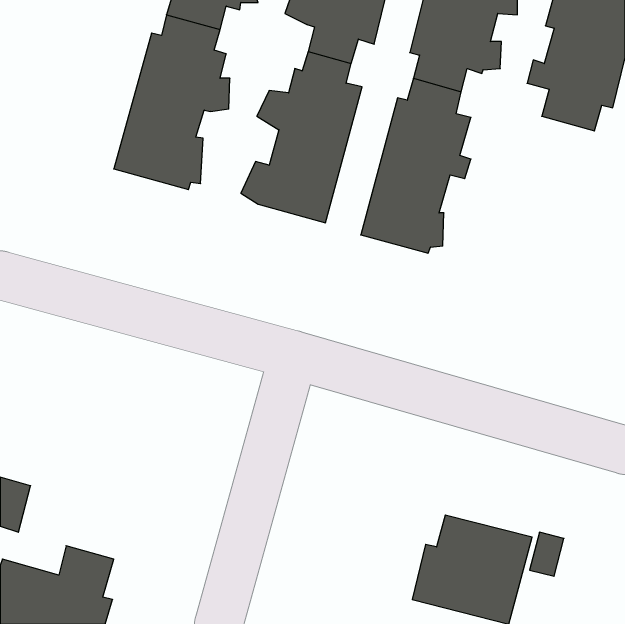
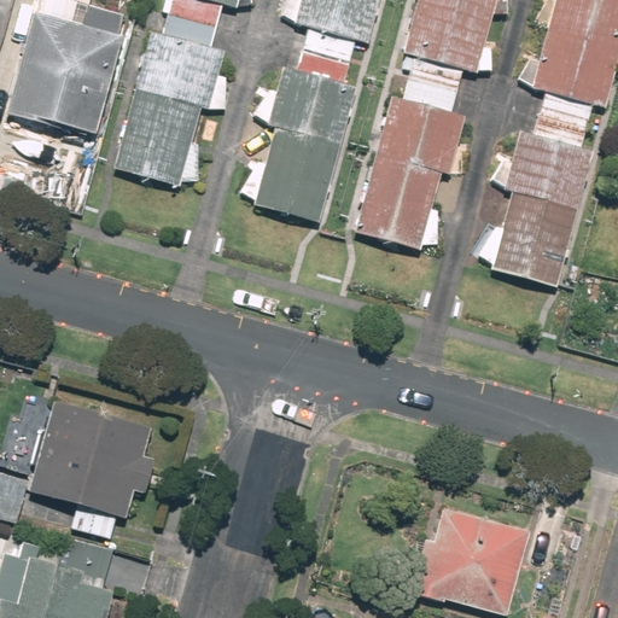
building: none -> [6,7,126,135]
building: none -> [473,115,591,287]
building: none -> [33,401,152,537]

